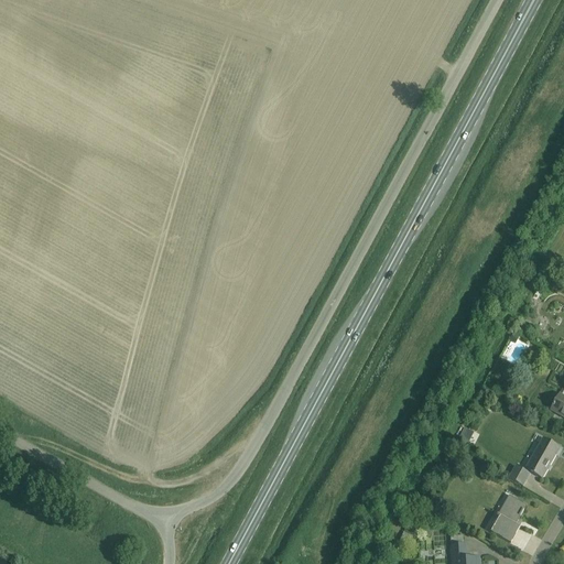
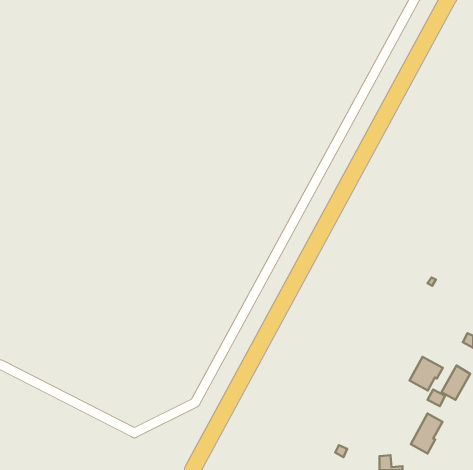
building: none -> [409,357,443,390]

